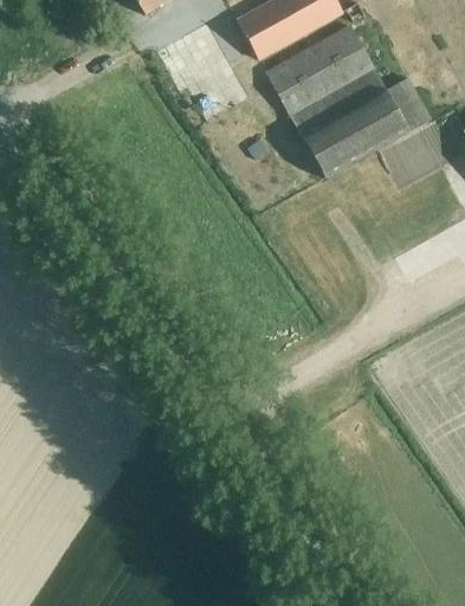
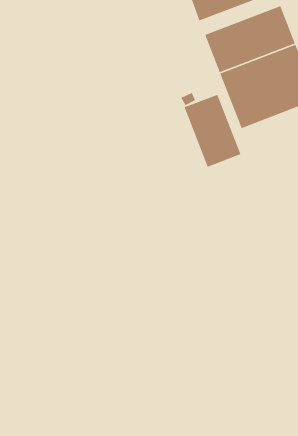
building: none -> [184,94,241,168]

